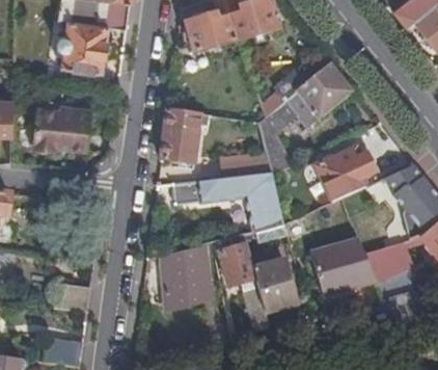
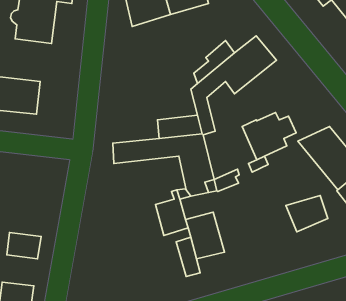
building: [160,109,200,161] -> none
building: [310,238,377,295] -> none
building: [163,244,213,309] -> none

